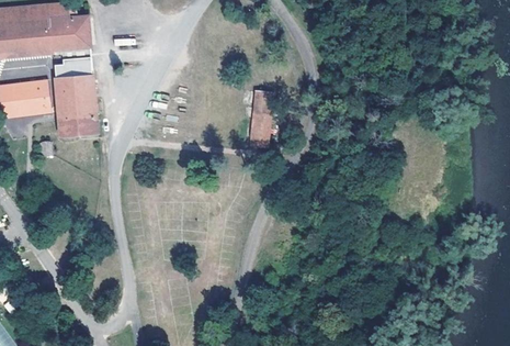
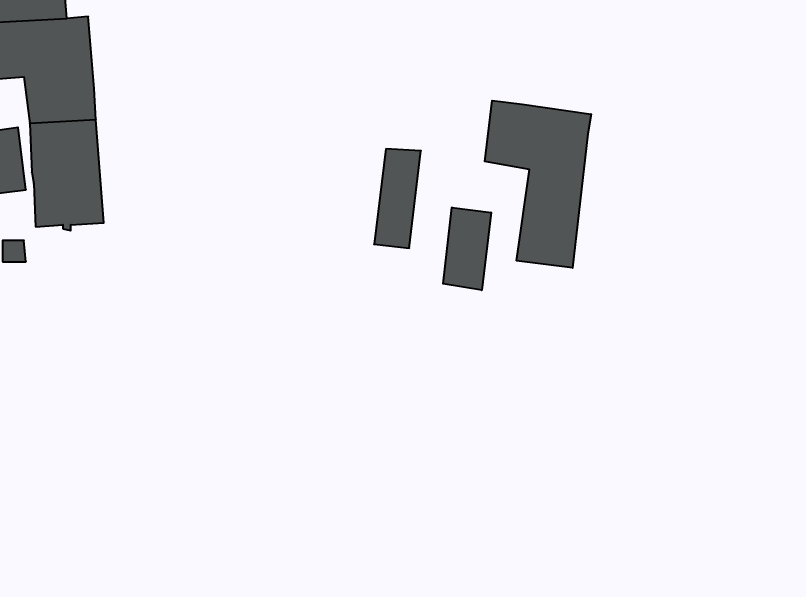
building: none -> [485,101,591,268]
building: none -> [443,207,491,290]

